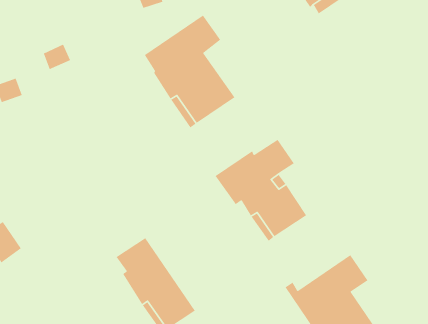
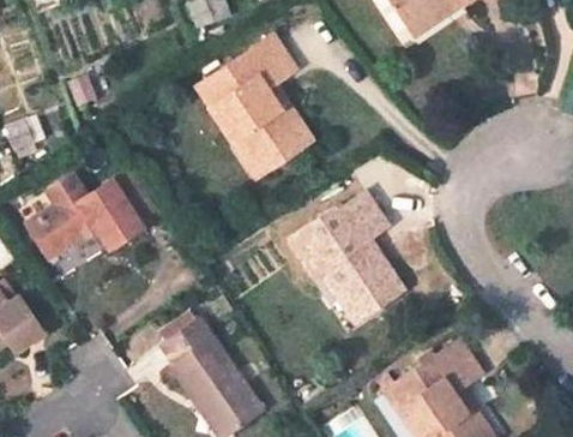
building: none -> [28,174,143,258]

